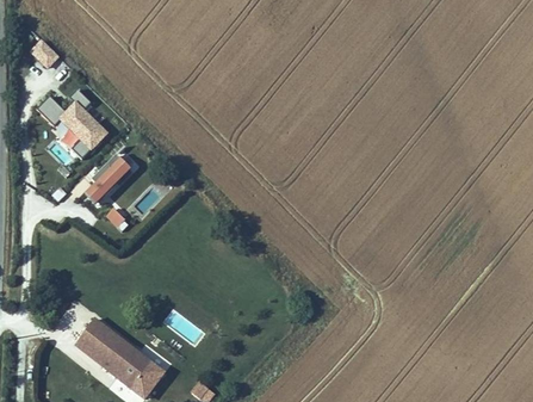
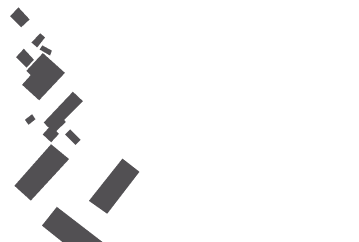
building: none -> [13,143,70,202]
building: none -> [88,157,141,215]

